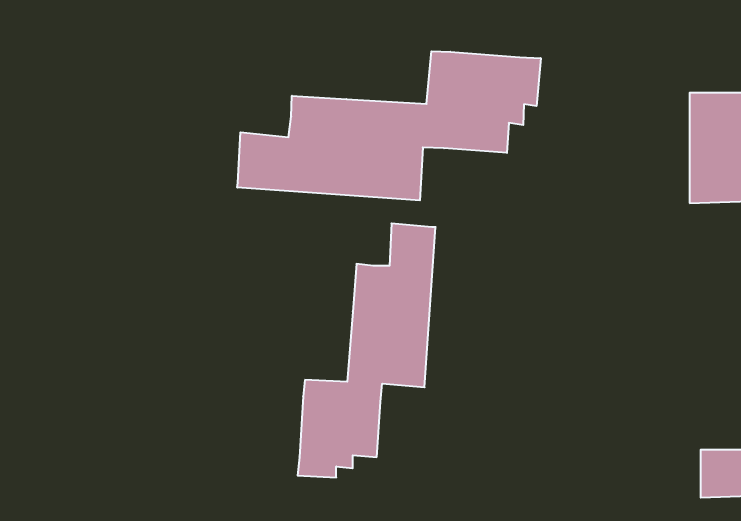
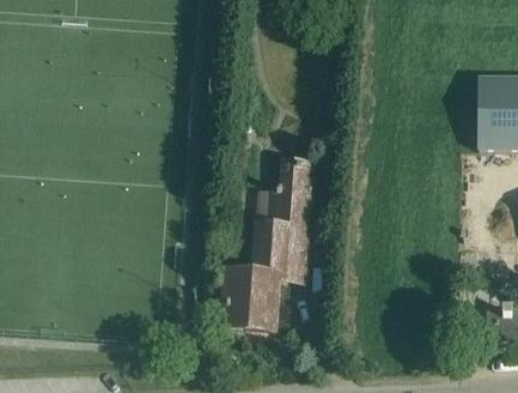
building: [237,51,541,200] -> none

